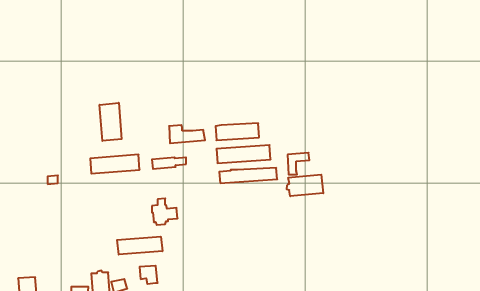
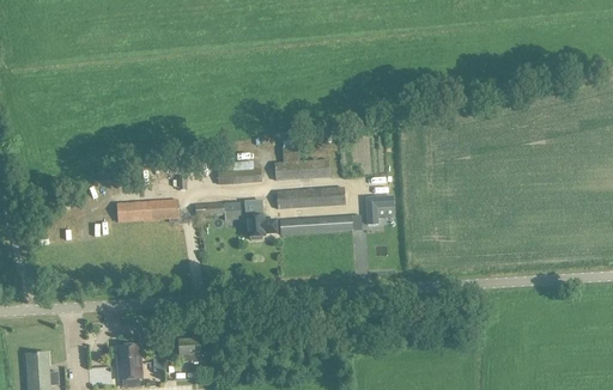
building: [100,103,122,141] -> none
building: [287,175,323,196] -> none
building: [152,198,178,225] -> [244,206,277,239]
building: [117,237,162,255] -> none

